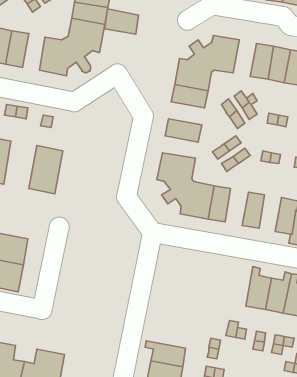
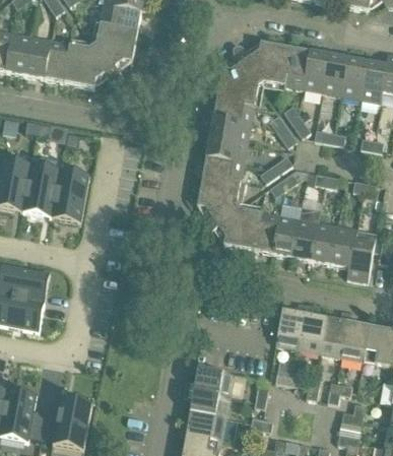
building: [105,9,138,34] -> none
building: none -> [44,40,69,81]
building: none -> [282,47,309,88]
building: none -> [209,117,250,143]
building: none -> [202,155,243,181]
building: none -> [22,161,60,215]
building: none -> [273,215,300,257]
building: none -> [312,222,337,264]
building: none -> [275,303,305,348]
building: none -> [184,368,233,396]

